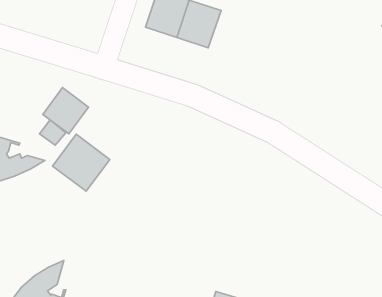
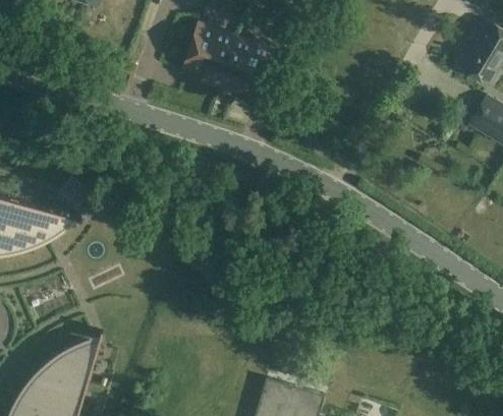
building: [43,88,89,134] -> none
building: [52,134,110,191] -> none

